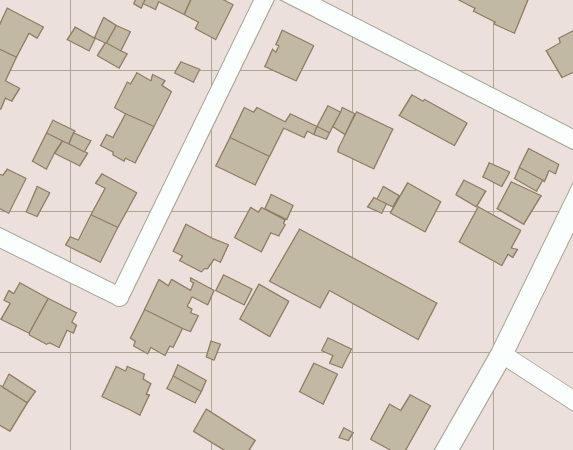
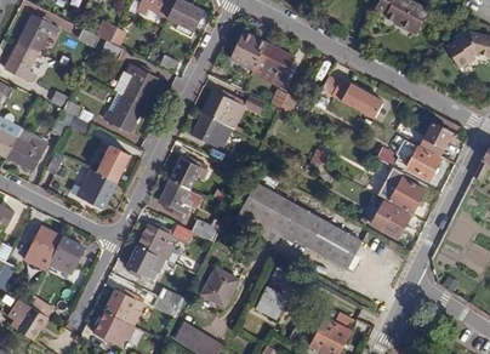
building: [338,112,393,169] -> [251,42,294,86]
building: [390,183,441,232] -> [370,200,409,238]
building: [235,208,285,252] -> [167,156,206,190]
building: [240,284,289,336] -> [200,267,238,307]
building: none -> [92,312,124,347]

